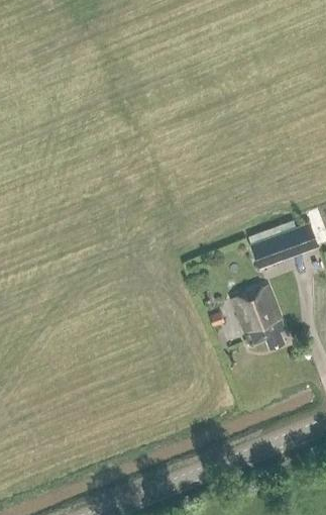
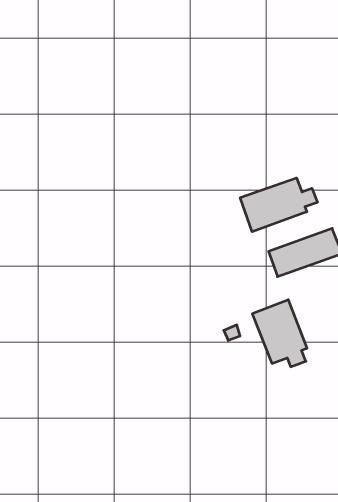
building: none -> [240,178,317,232]

